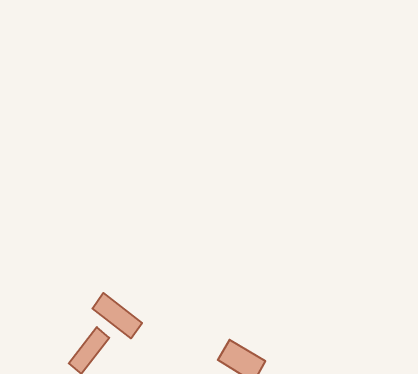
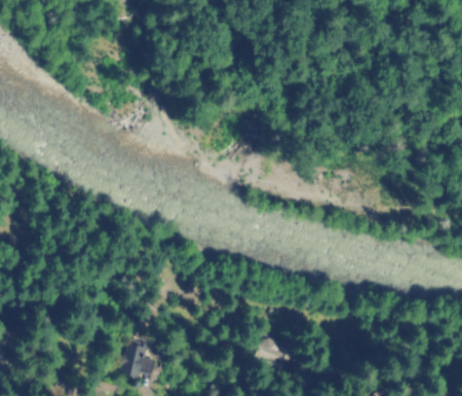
building: [92,293,142,338] -> none

